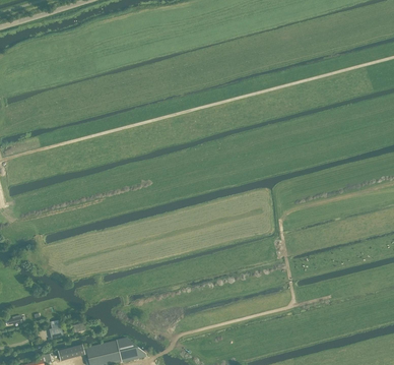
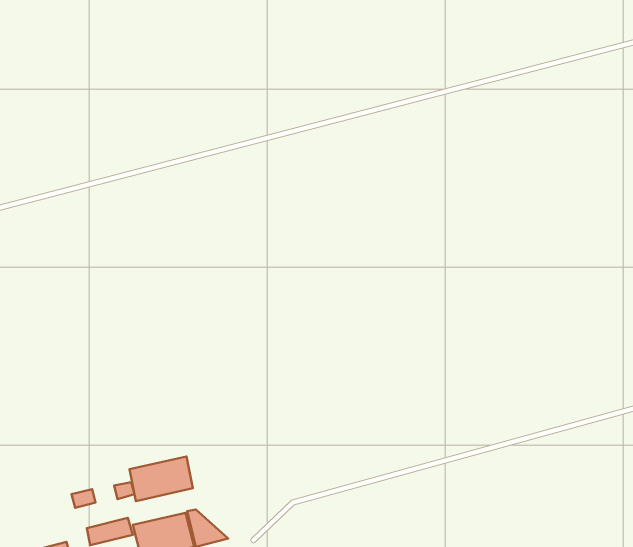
building: none -> [130,456,193,501]

